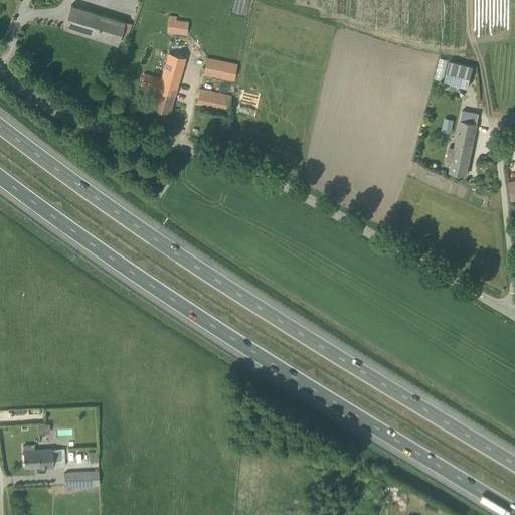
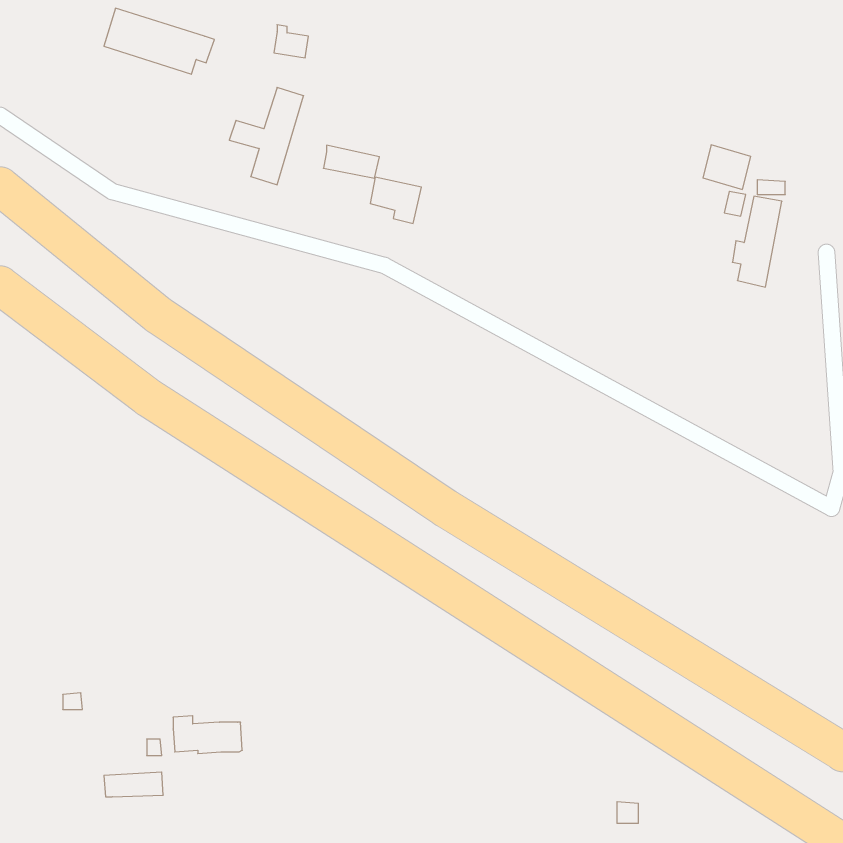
building: [205,58,236,87] -> [370,177,421,223]
building: [444,60,473,88] -> [703,145,751,189]
building: [23,445,65,468] -> [173,716,242,754]

